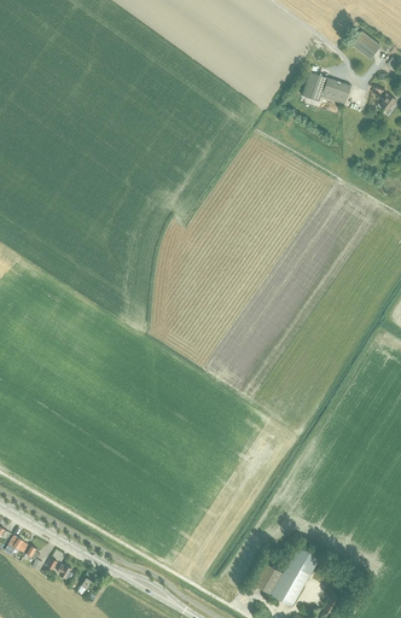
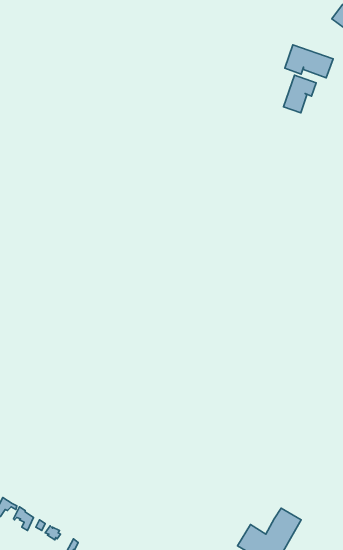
building: none -> [283,75,316,113]

